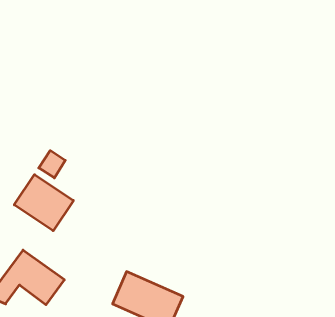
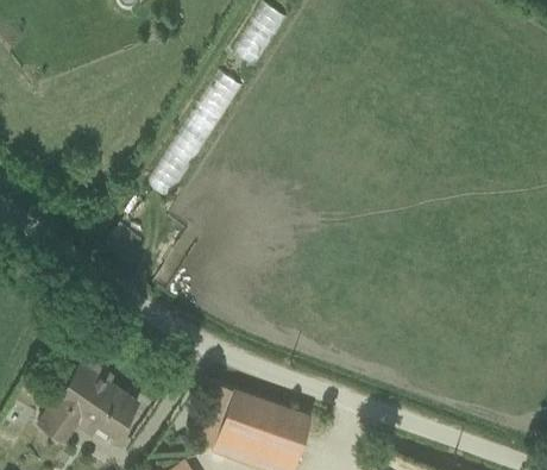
building: [14,175,73,231] -> none

